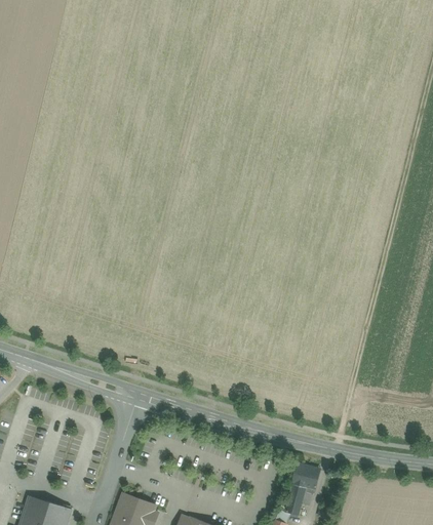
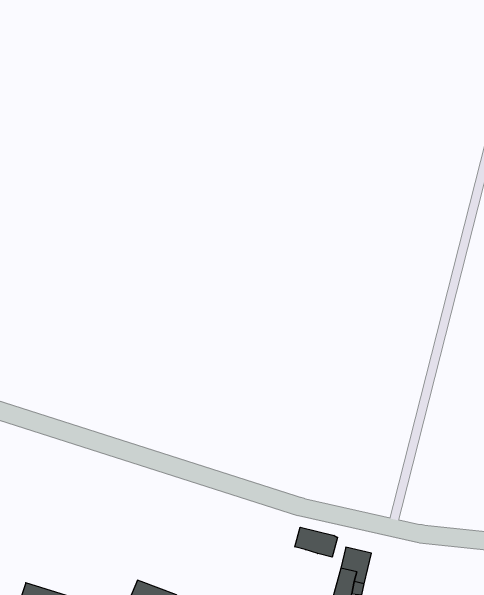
building: none -> [295,527,338,557]

